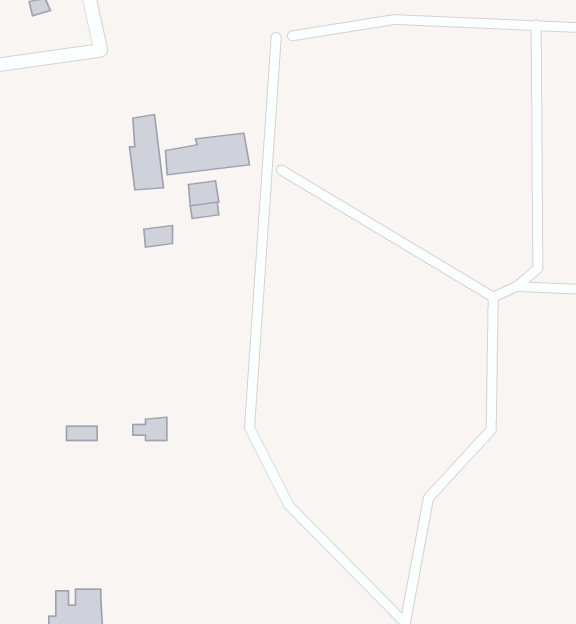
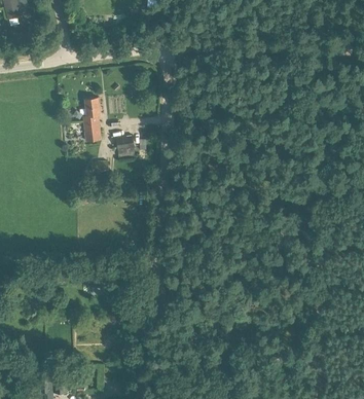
building: [165,133,250,175] -> none

